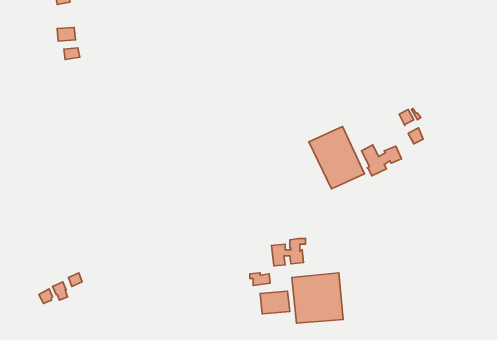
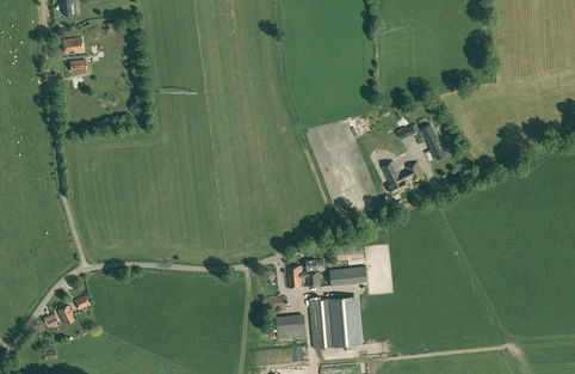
building: [309,126,364,189] -> none
building: none -> [329,265,367,286]

